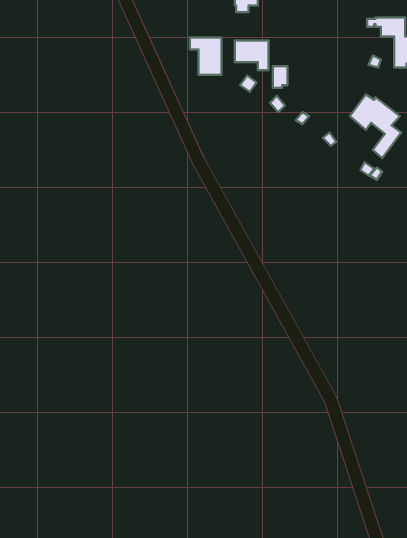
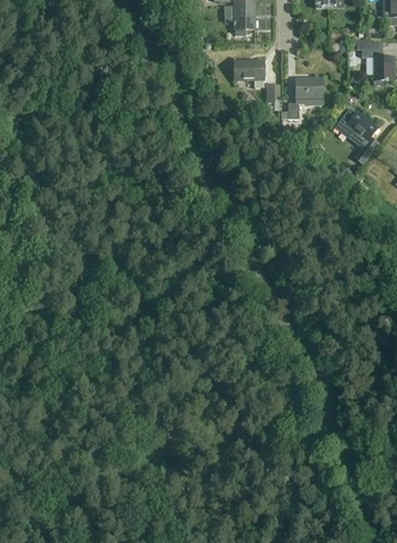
building: [190,38,221,75] -> none
building: none -> [281,78,323,118]

